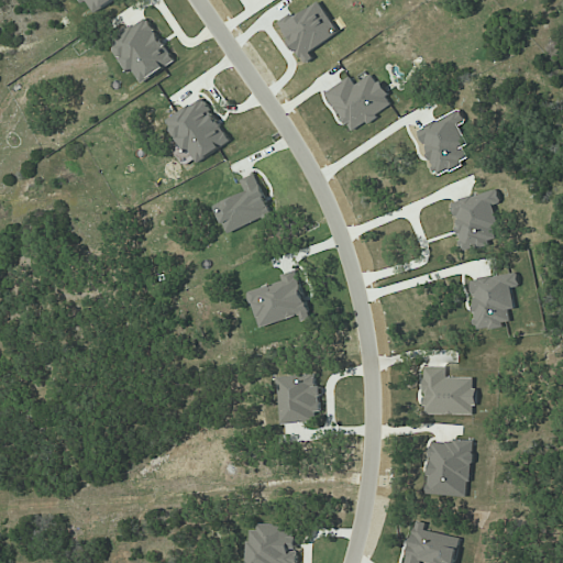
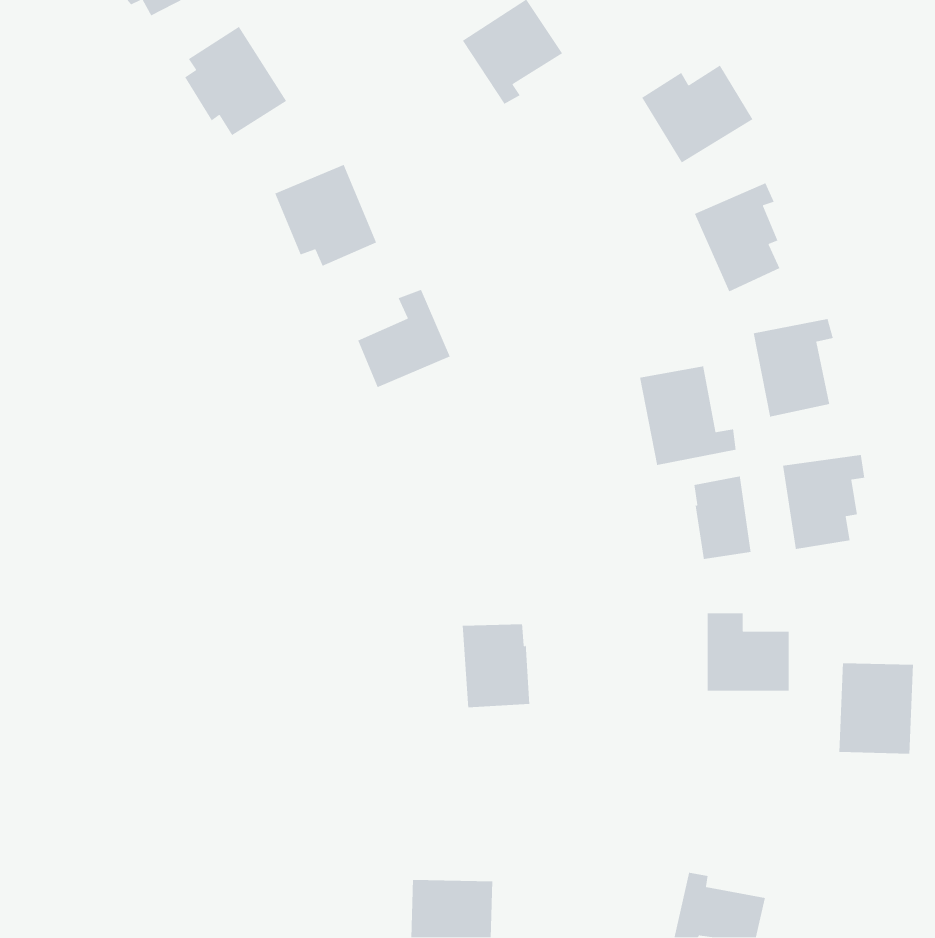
building: [323,71,390,131] -> [641,64,753,164]
building: none -> [639,365,736,466]
building: [246,269,308,327] -> none
building: none -> [694,476,752,560]
building: [424,440,470,495] -> [838,662,914,754]

